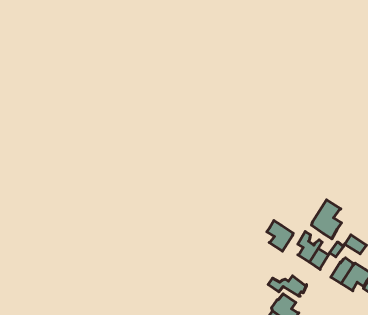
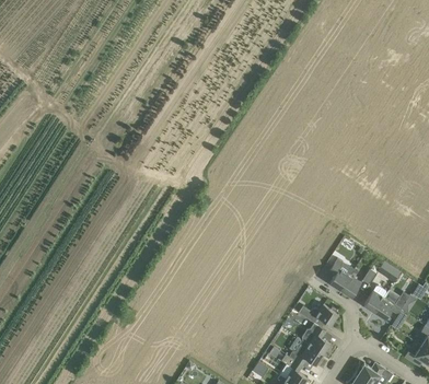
building: [311,200,342,239] -> none
building: [267,220,293,251] -> none

